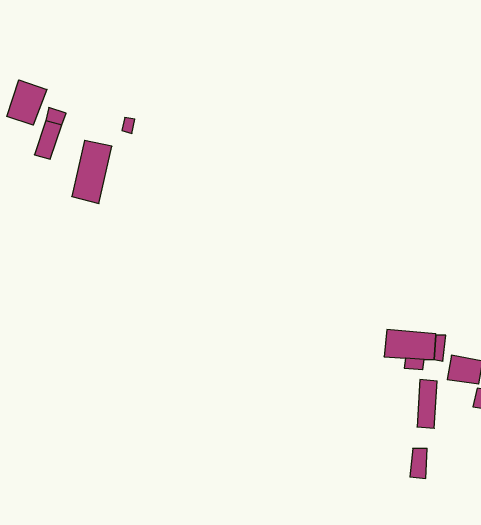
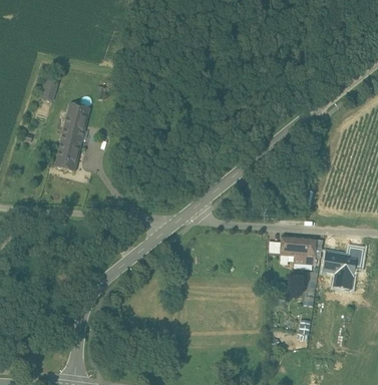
building: [7,80,47,125] -> none
building: none -> [55,142,80,171]

